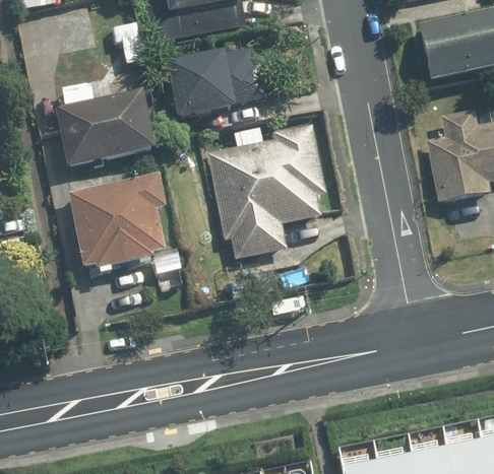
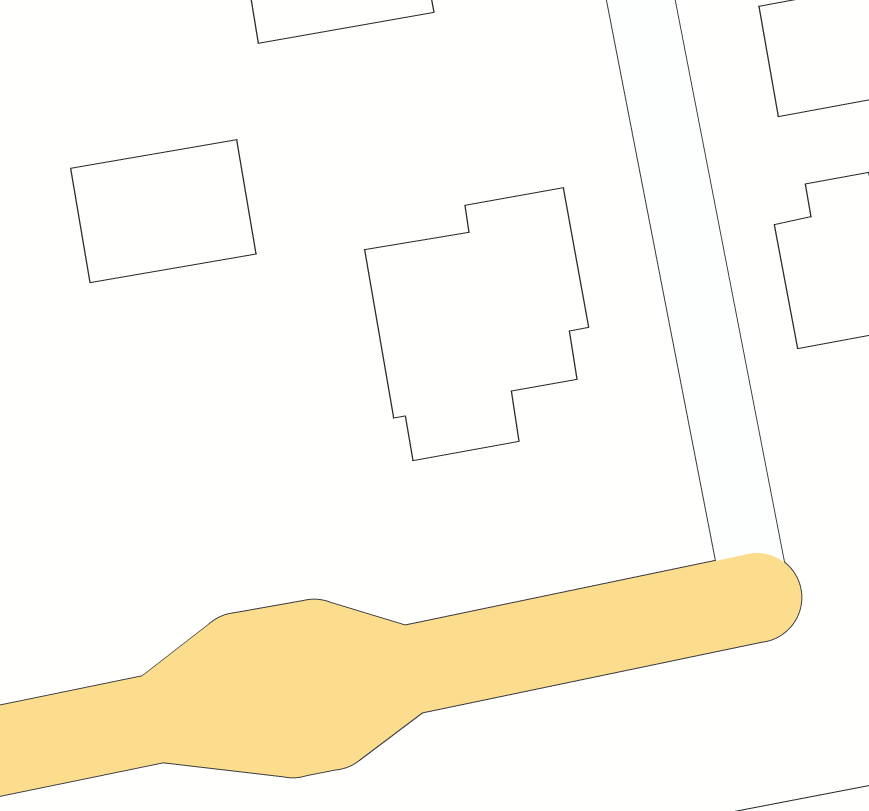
building: [166,47,265,122] -> none
building: [67,173,165,273] -> none

